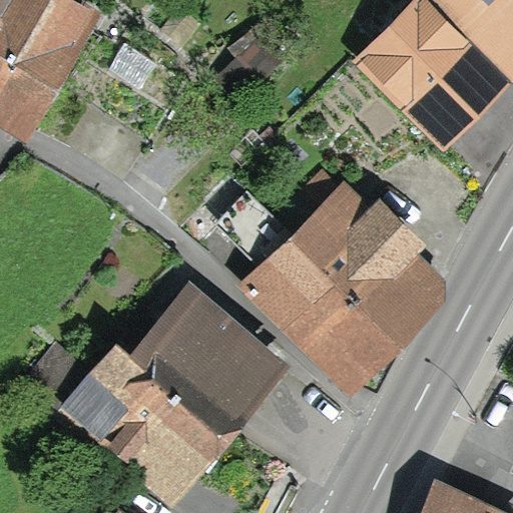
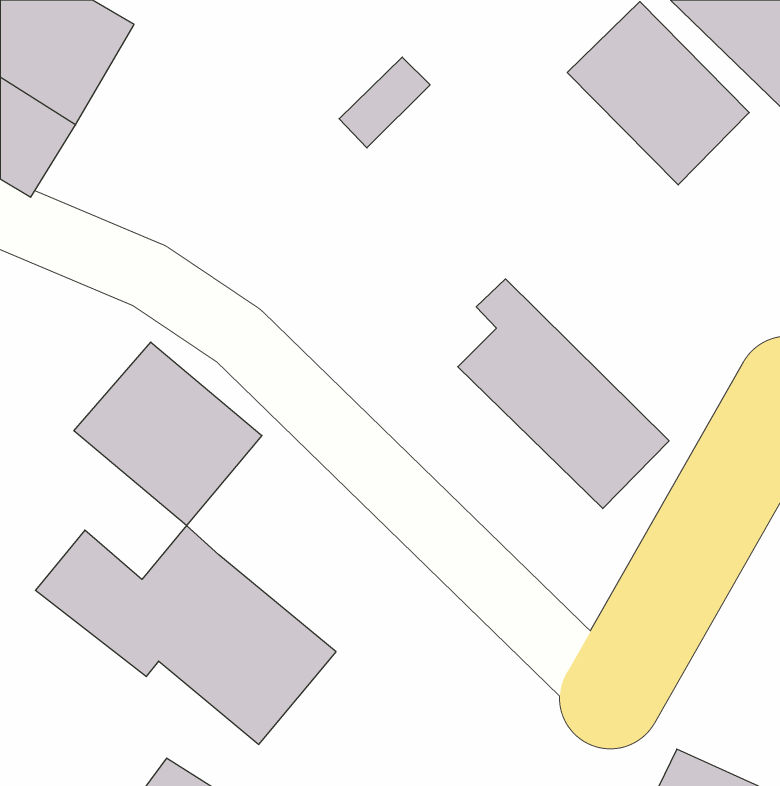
building: [225,193,397,380] -> none
building: none -> [74,342,262,526]
building: [147,297,278,425] -> none

